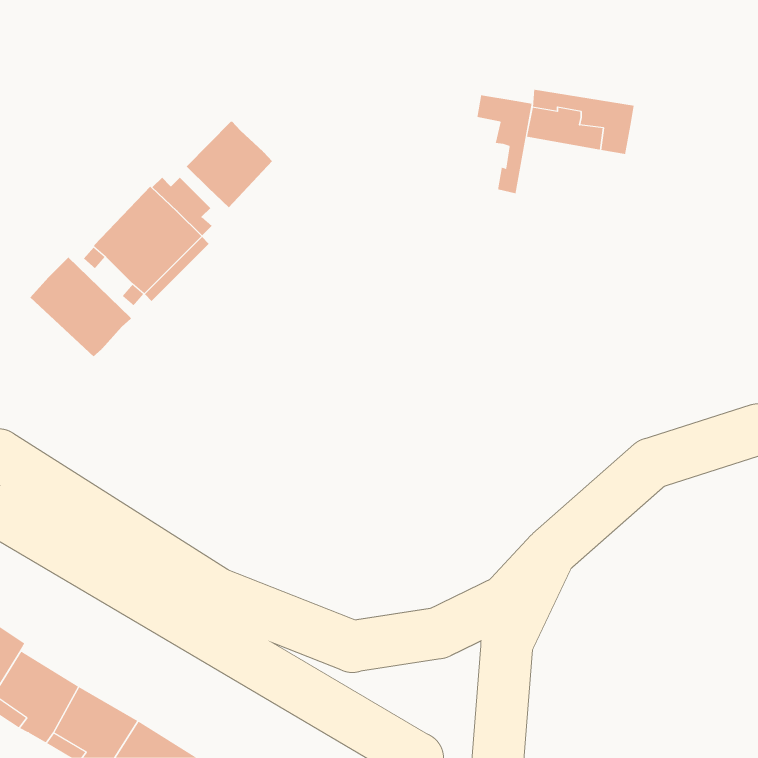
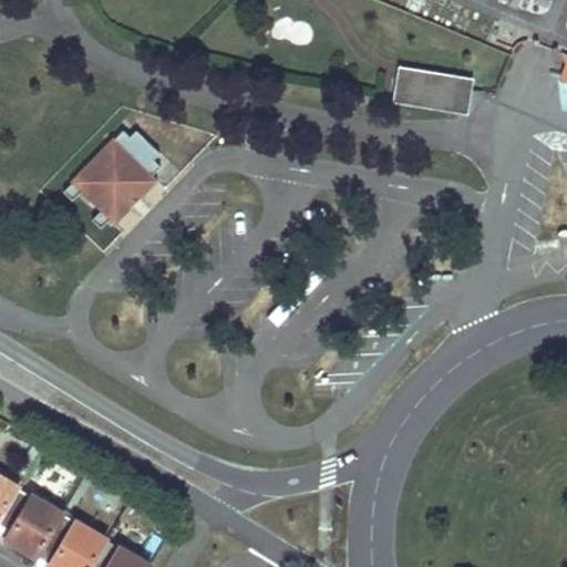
building: [477,95,532,194] -> none
building: [186,121,273,208] -> none
building: [29,257,131,357] -> none

